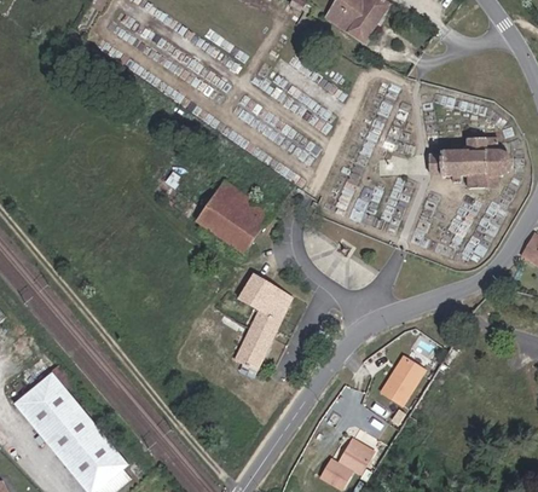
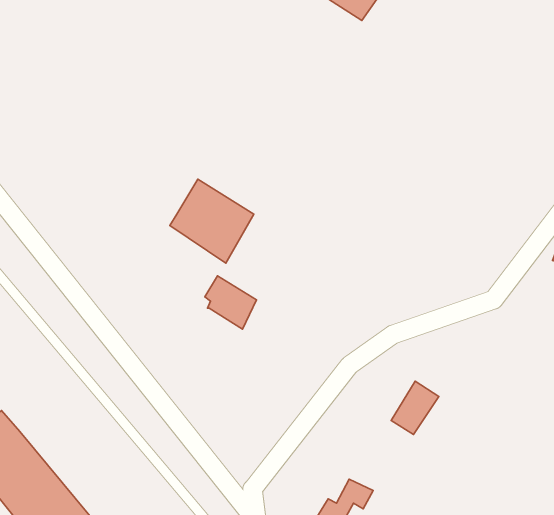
building: [429,131,507,185] -> none
building: [236,285,291,370] -> none

